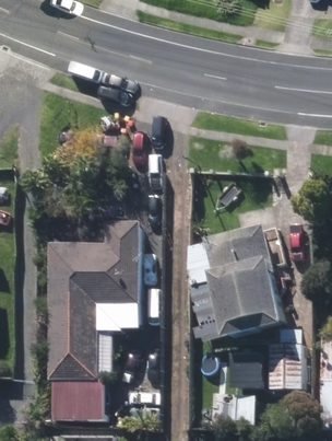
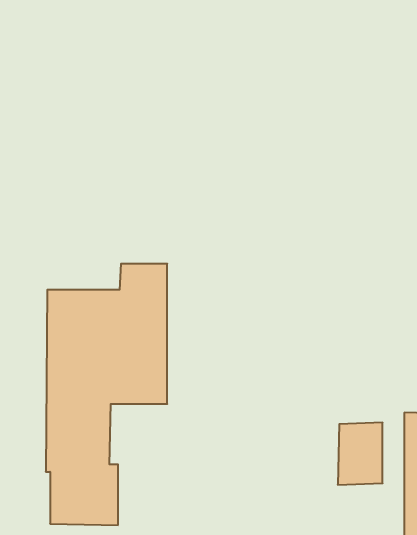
building: [189,224,281,338] -> none

